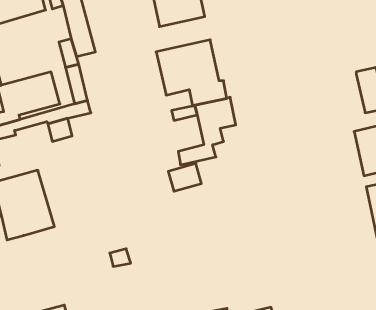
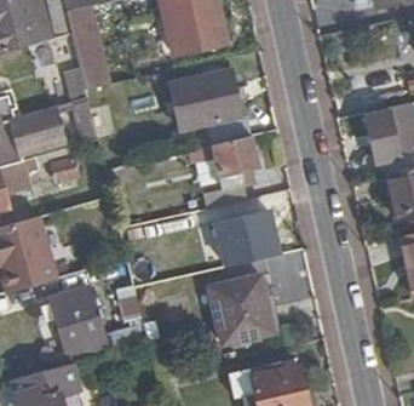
building: none -> [367,110,402,164]
building: none -> [232,212,281,264]
building: none -> [207,275,271,345]
building: none -> [53,287,105,356]

